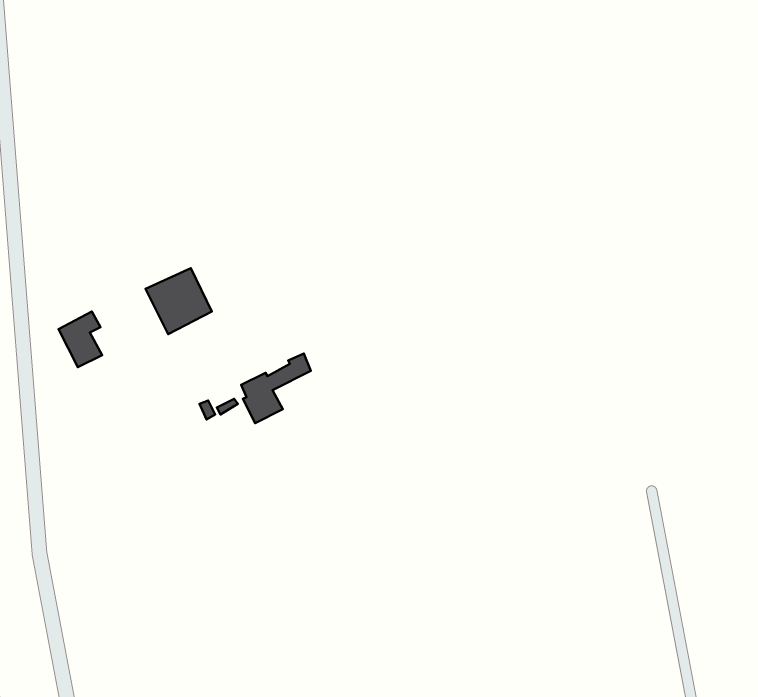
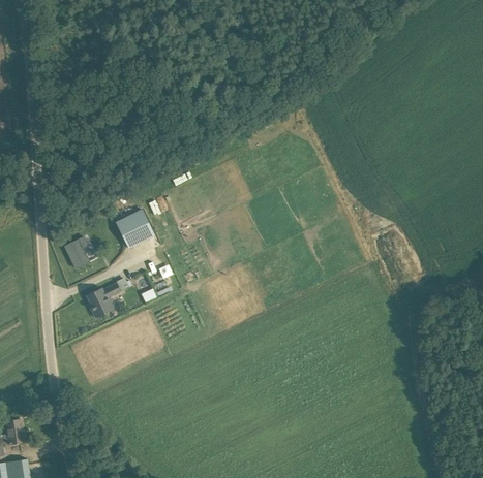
building: [241,354,311,423] -> [87,277,128,318]

